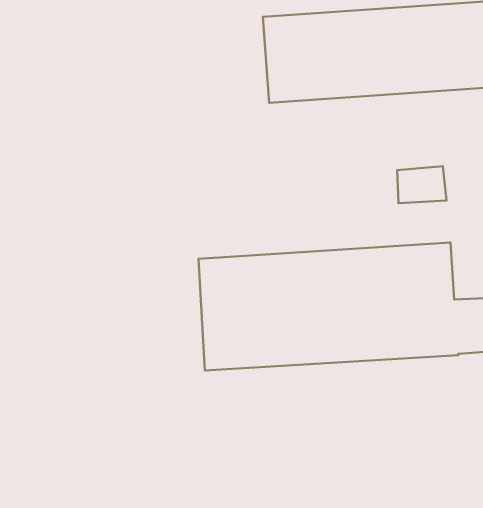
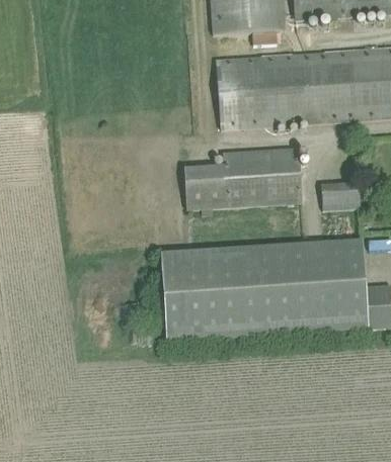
building: none -> [185,147,302,212]

